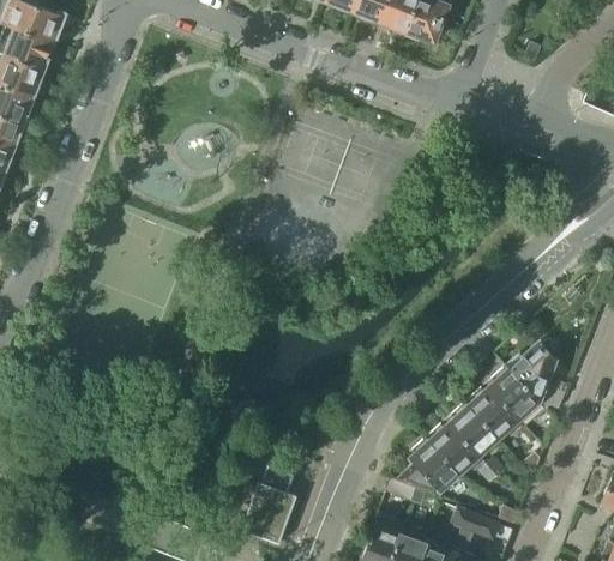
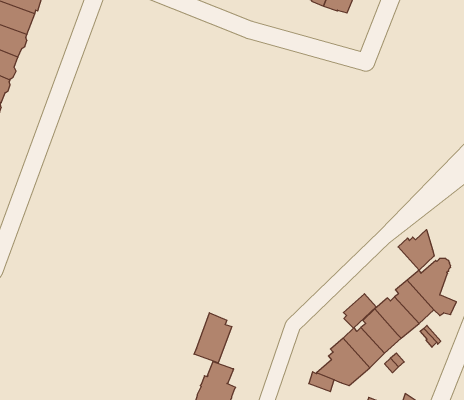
building: none -> [398,230,434,270]
building: none -> [343,294,376,328]
building: none -> [194,313,232,363]

